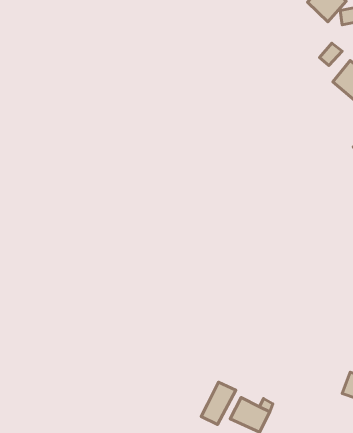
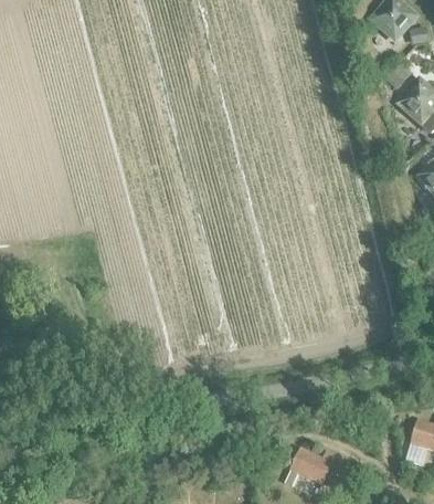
building: [201,382,236,424] -> none

